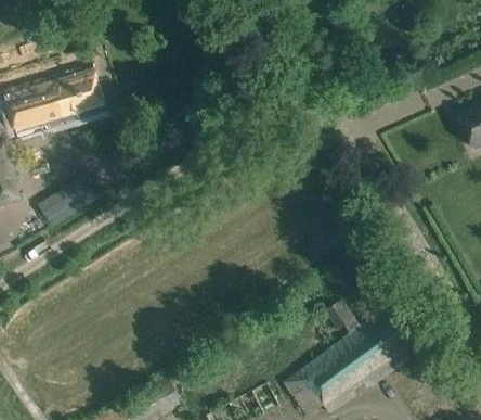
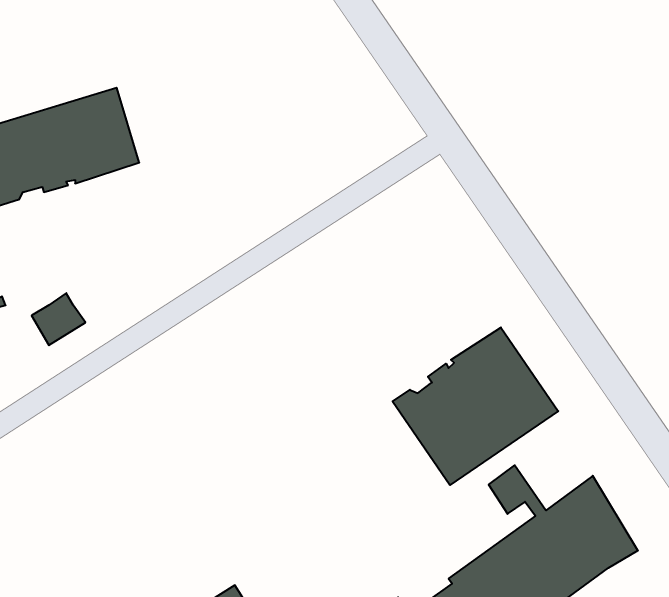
building: none -> [393,327,558,485]

